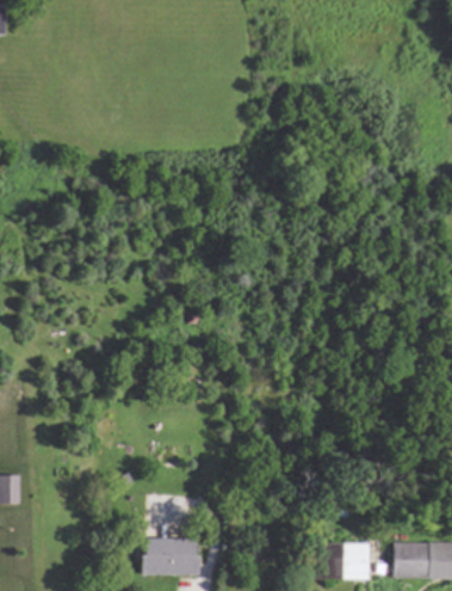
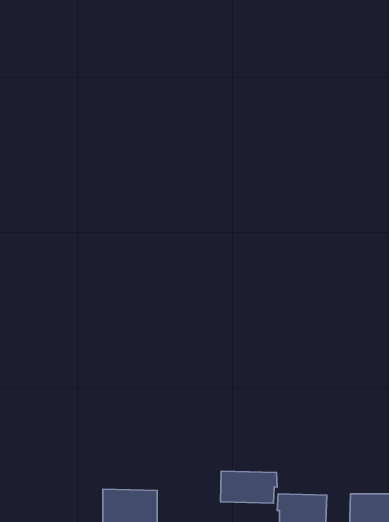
building: none -> [221,471,277,503]

